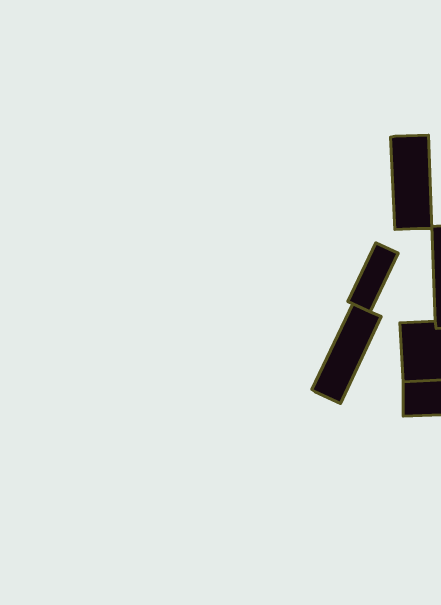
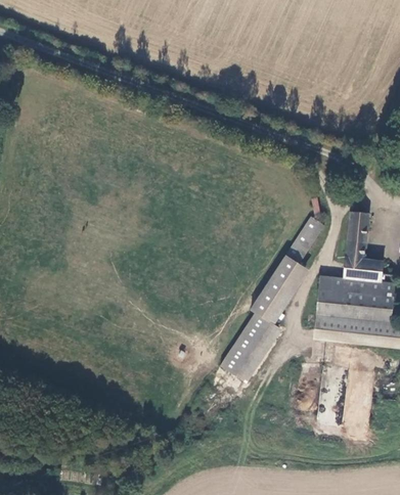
building: [390,135,432,229] -> none
building: none -> [220,313,277,380]

